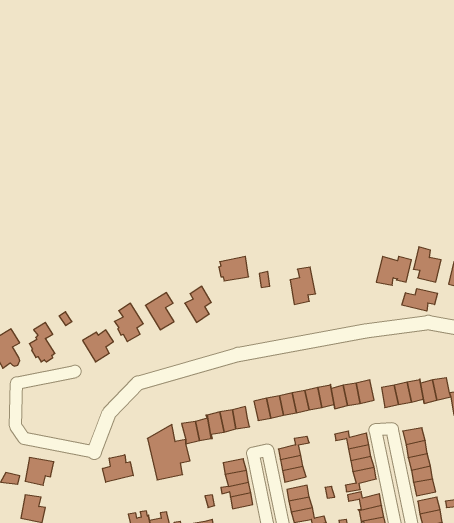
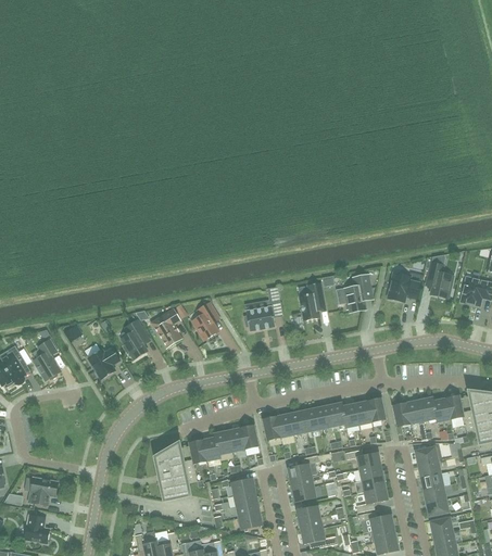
building: [219,256,249,281] -> [244,305,275,330]
building: none -> [345,275,373,312]
building: [402,289,438,311] -> none
building: [103,455,133,482] -> none

